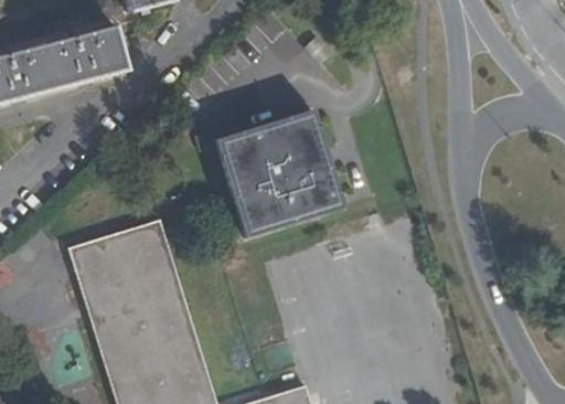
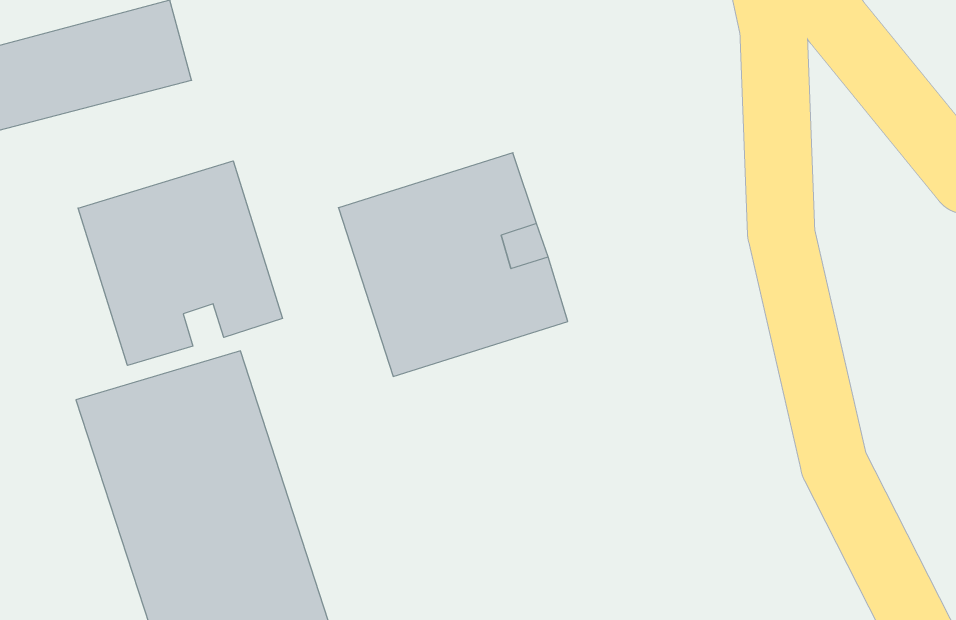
building: none -> [78,161,283,365]

